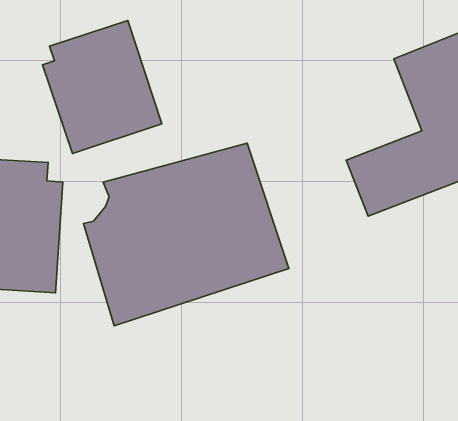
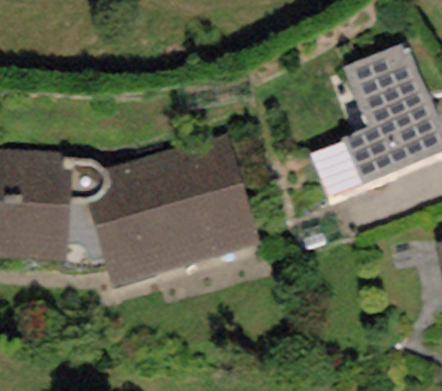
building: [43,20,162,154] -> none

